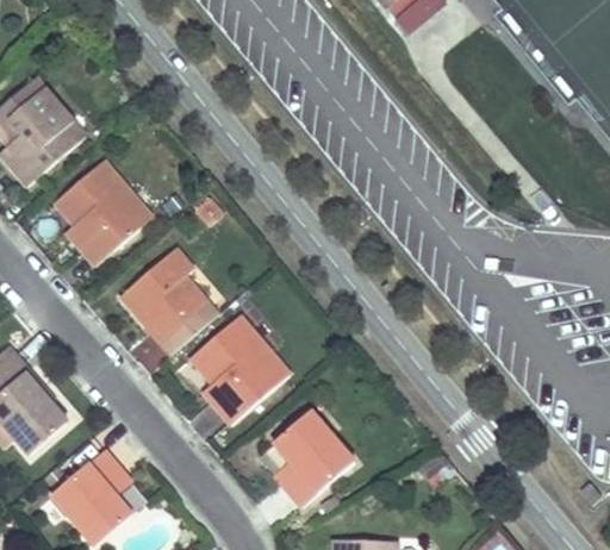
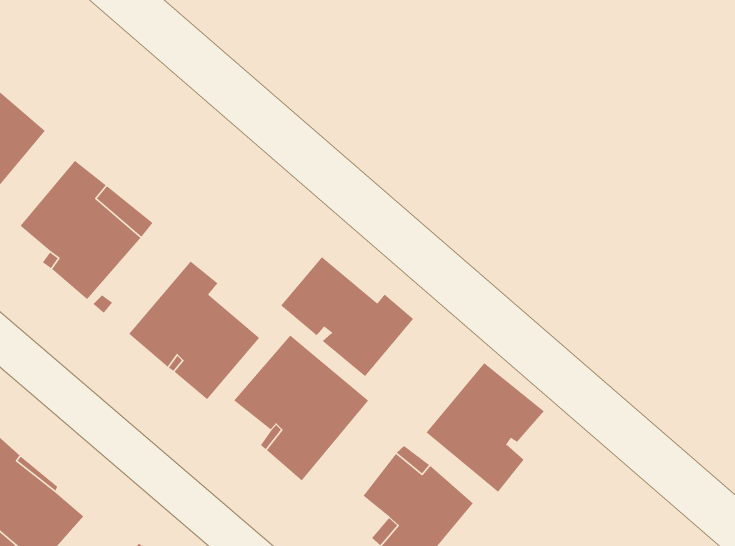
building: none -> [280,256,414,377]
building: none -> [426,362,545,493]

